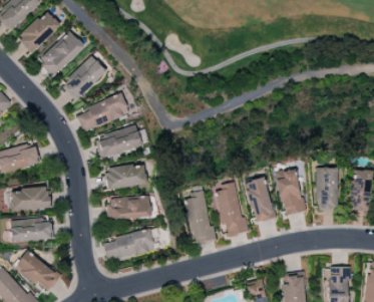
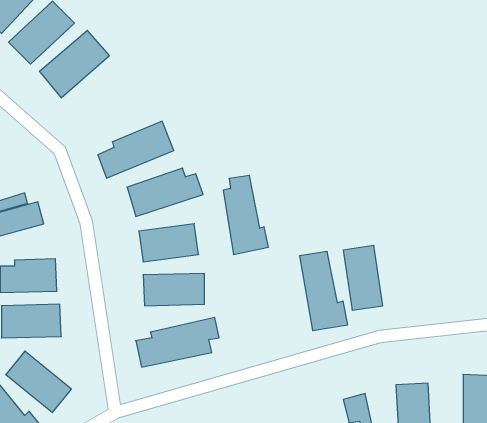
building: [64,54,107,101] -> none
building: [275,168,305,215] -> none
building: [315,168,338,210] -> none
building: [185,191,217,245] -> [223,175,268,255]

